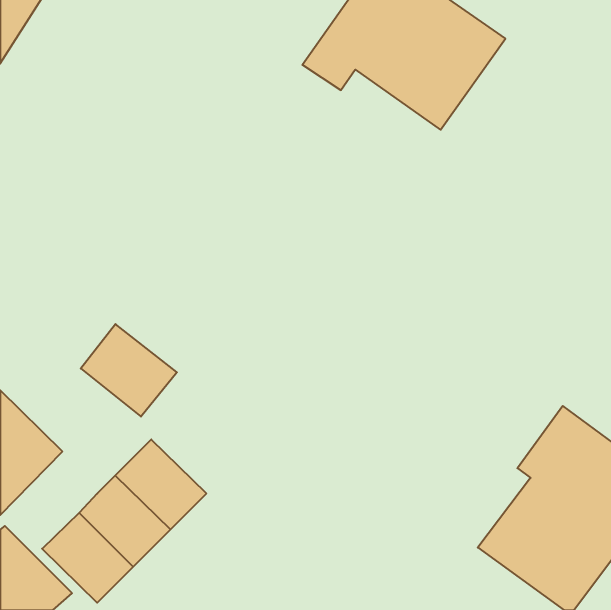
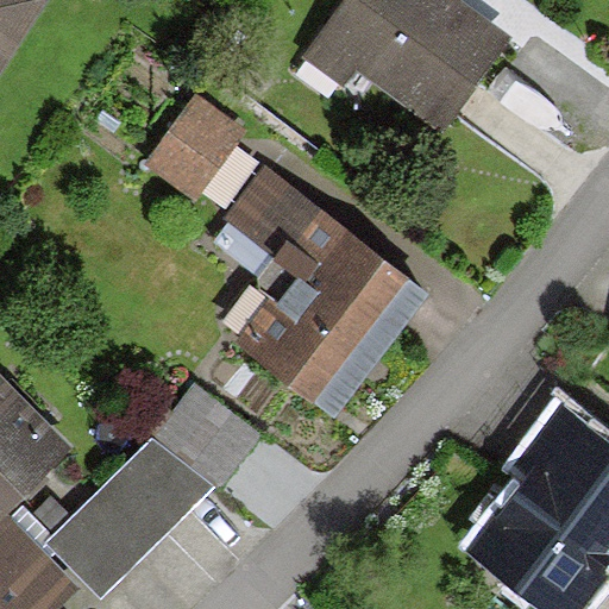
building: none -> [149,93,240,192]
building: none -> [218,172,425,415]
building: [81,324,177,417] -> [159,382,255,473]

